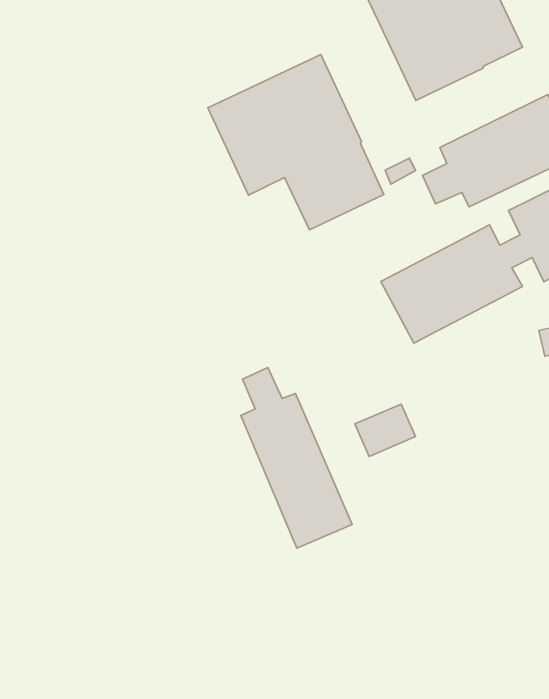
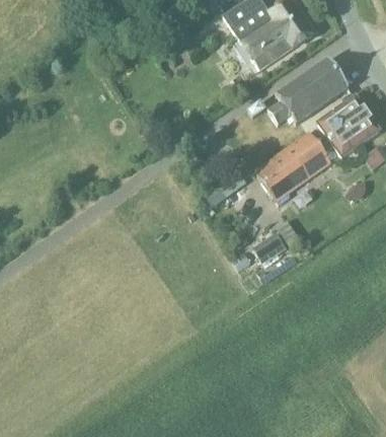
building: [208,55,384,230] -> none
building: [241,368,352,548] -> none

